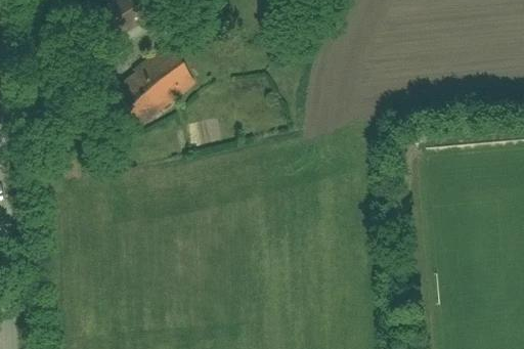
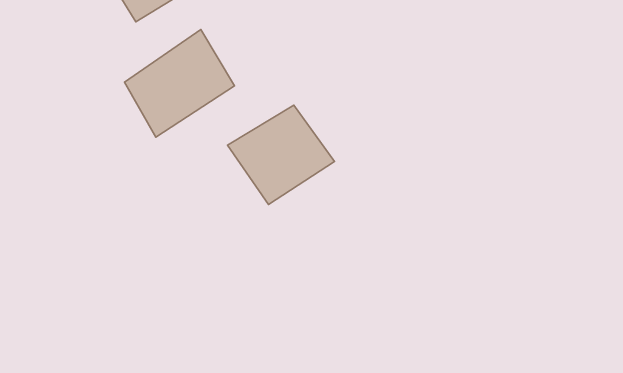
building: none -> [228,105,334,205]

